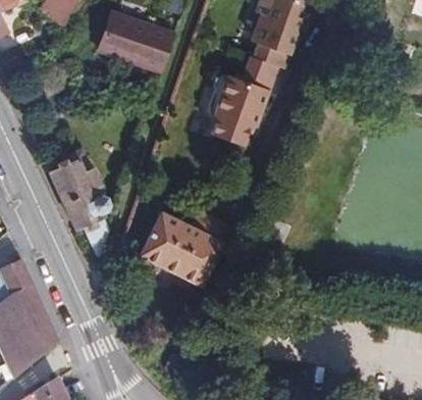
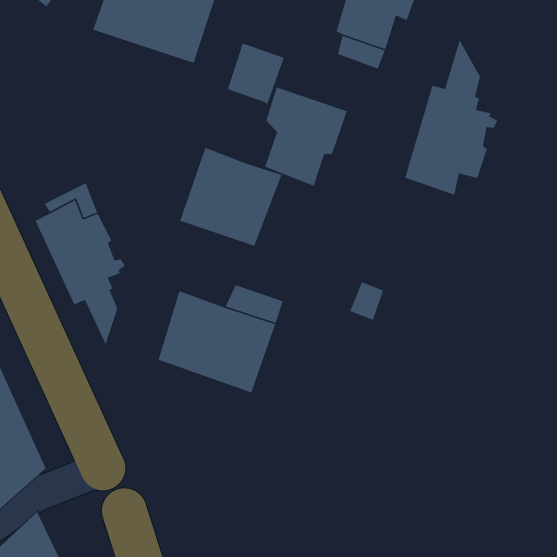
building: none -> [404,38,498,196]
building: [236,60,275,102] -> [227,42,285,105]
building: none -> [179,147,282,247]

